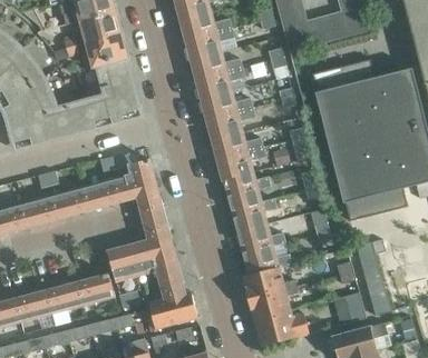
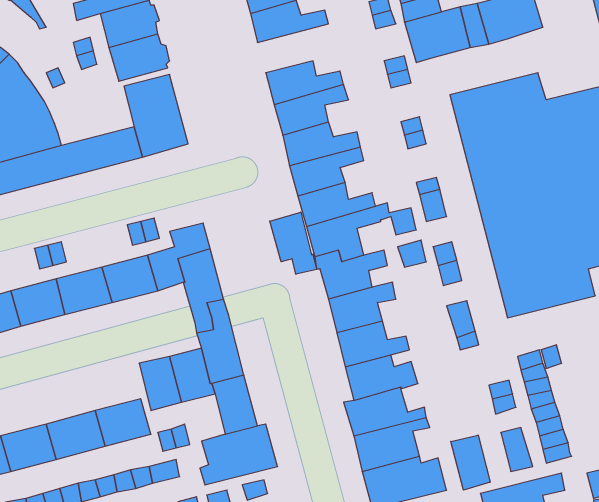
building: [184,27,233,59] -> none
building: none -> [270,212,317,274]
building: none -> [451,435,490,490]

